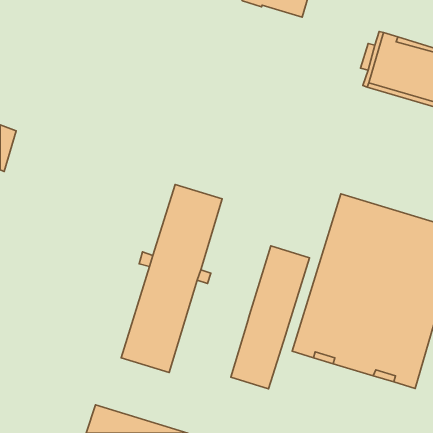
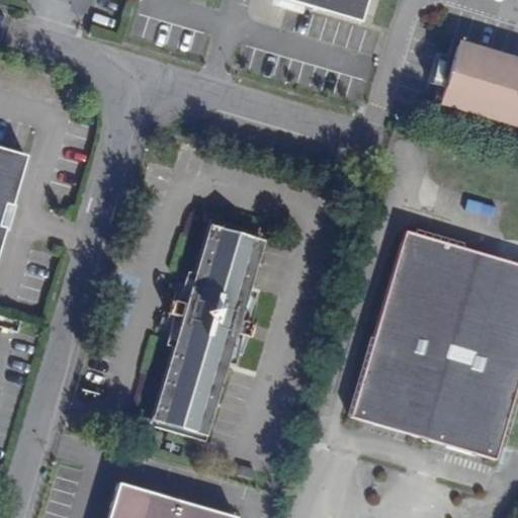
building: [231,246,309,389] -> none

